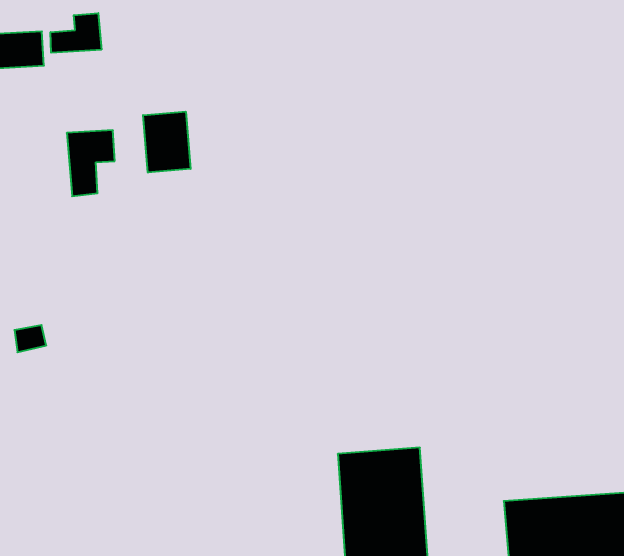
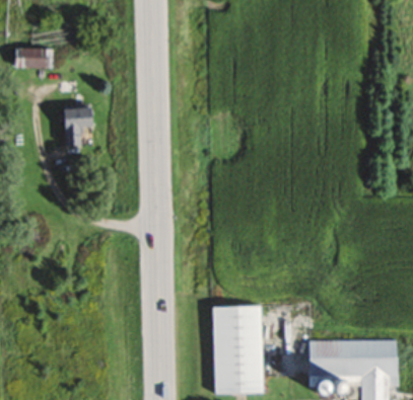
building: [51,13,101,53] -> none
building: [143,112,191,173] -> none

